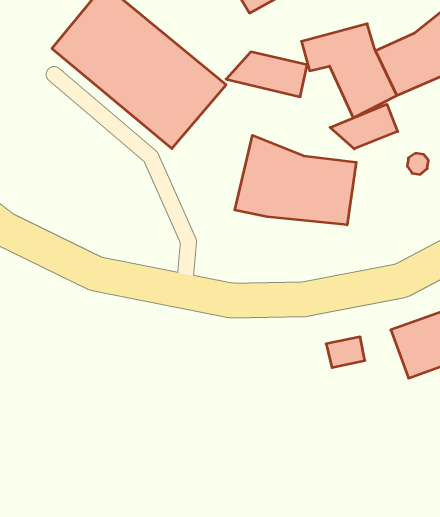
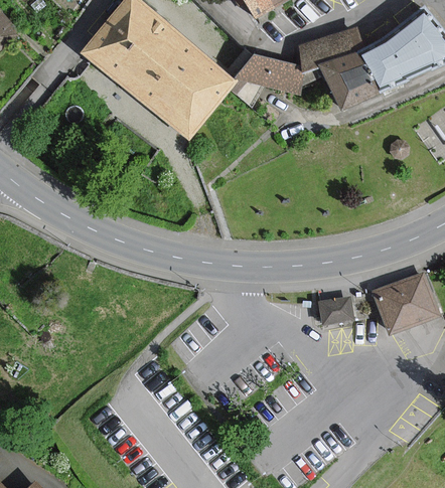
building: [330,104,398,149] -> none
building: [235,135,356,225] -> none

